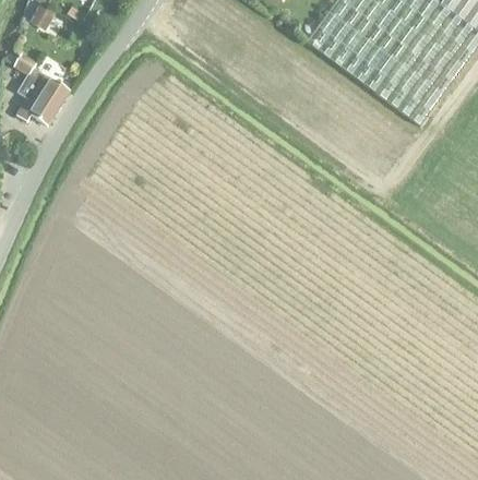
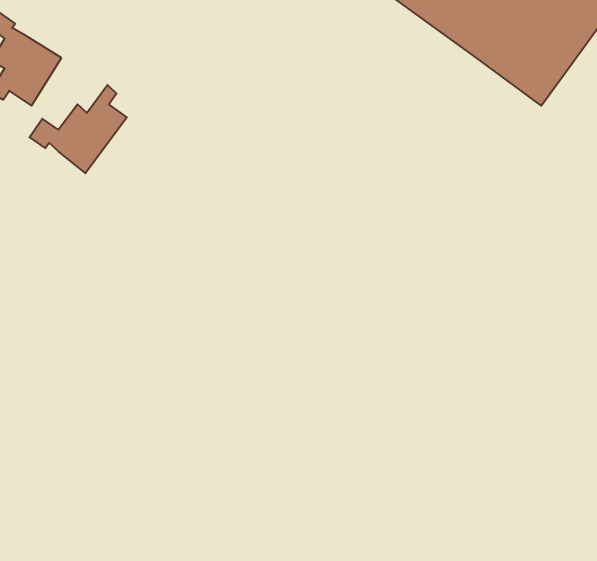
building: none -> [30,85,127,173]

